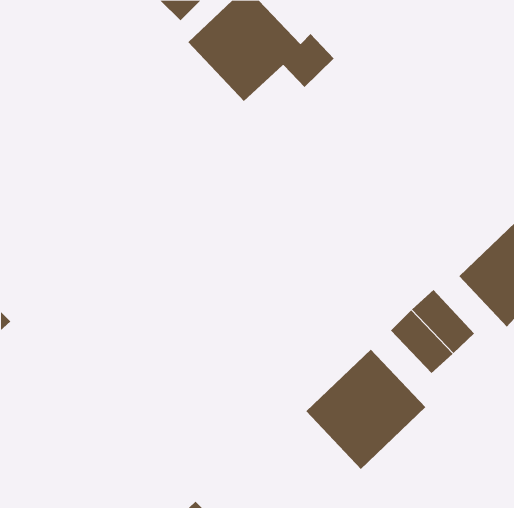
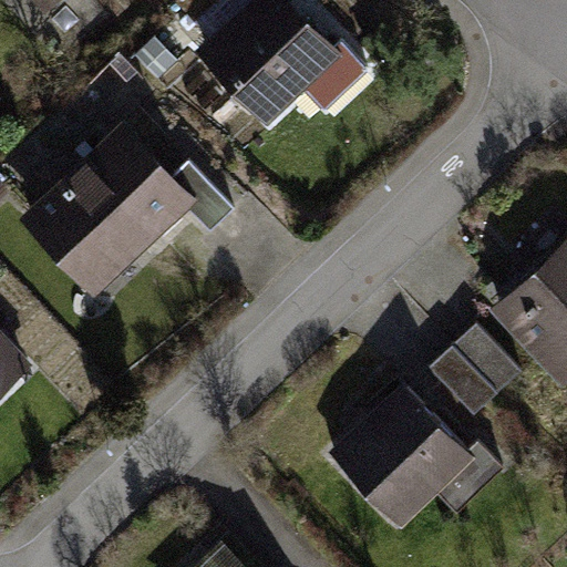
building: none -> [34,137,236,287]

